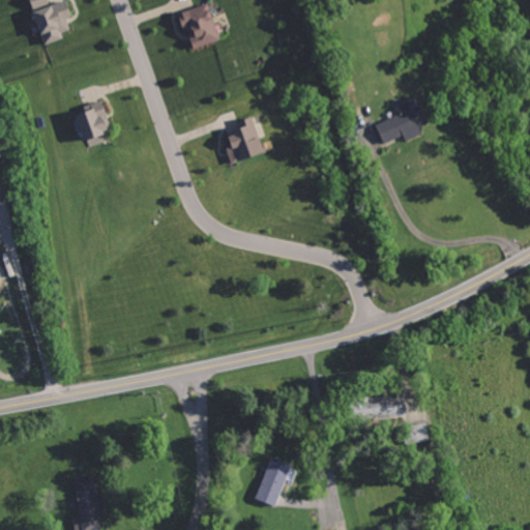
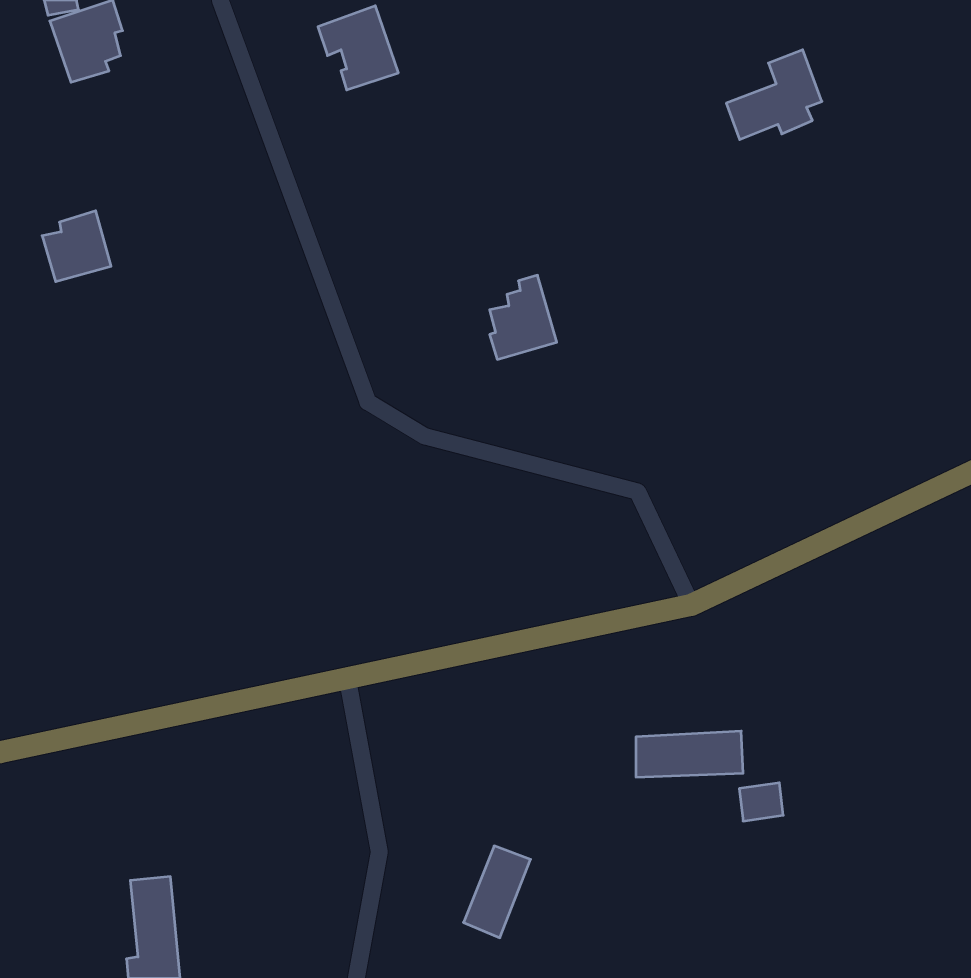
building: [375,95,426,144] -> [726,50,822,140]
building: [72,100,110,139] -> [42,211,111,282]
building: [226,117,262,163] -> [490,275,557,359]

